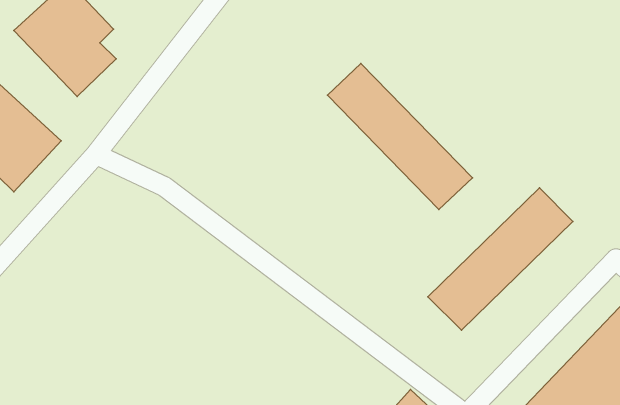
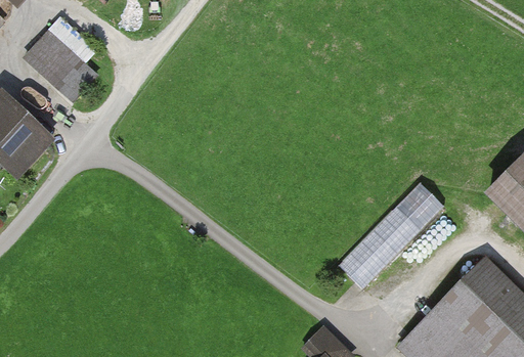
building: [327,64,472,210] -> none

